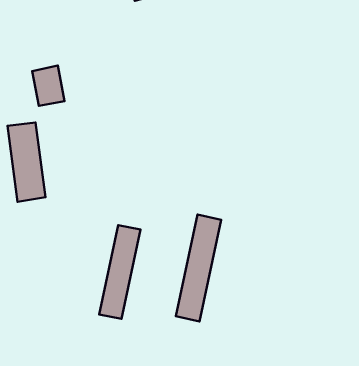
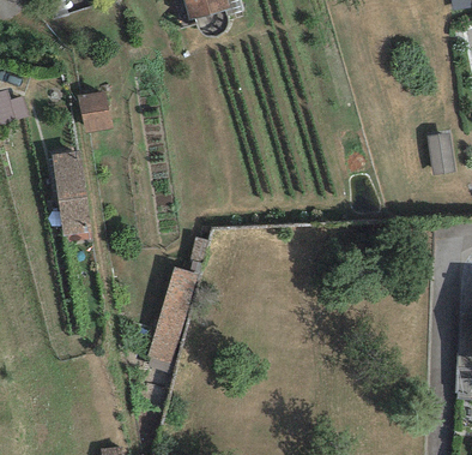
building: [176,214,221,321] -> none

